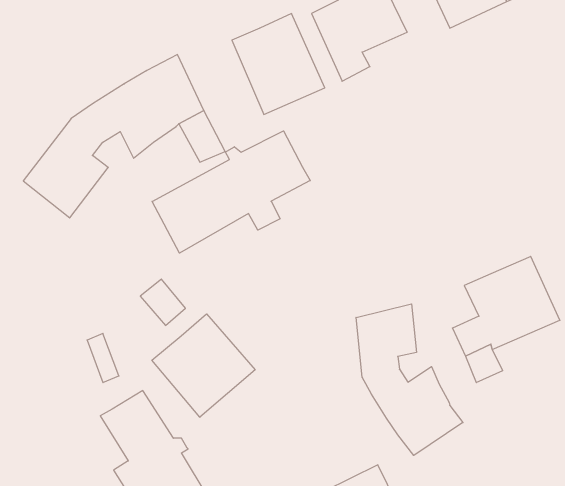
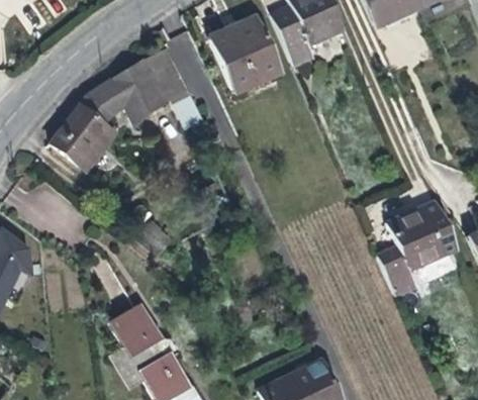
building: [152,131,310,253] -> none
building: [356,304,463,455] -> none
building: [152,314,255,417] -> none

